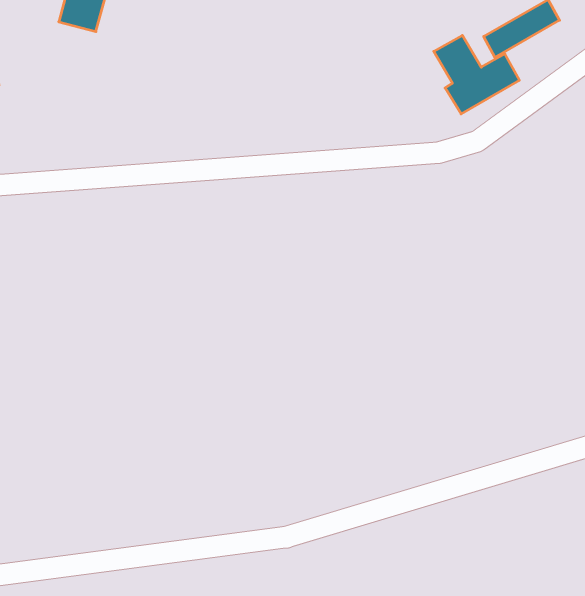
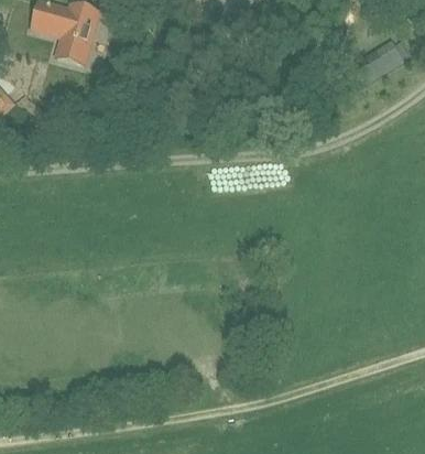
building: [434,35,519,114] -> none

